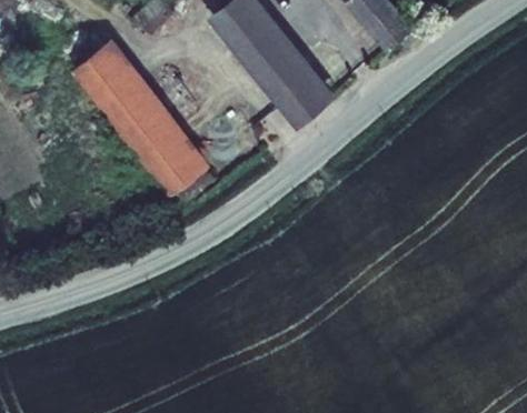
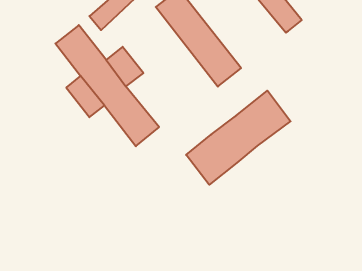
building: none -> [186,91,291,185]

